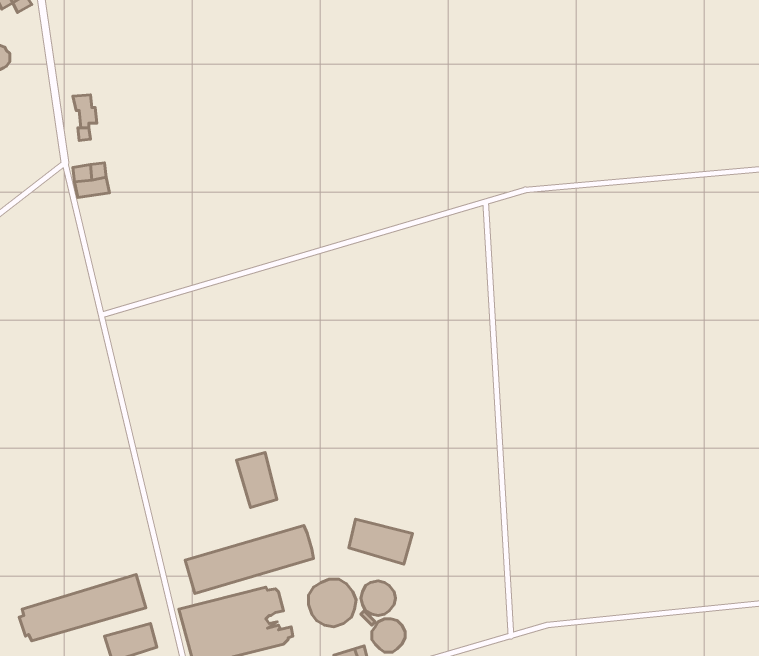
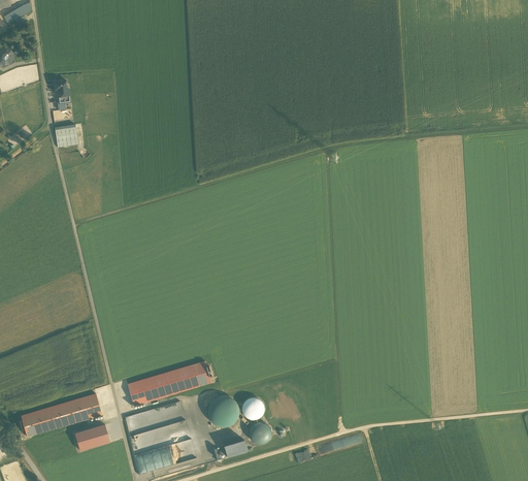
building: [237,453,277,507] -> none
building: [349,519,413,564] -> none

